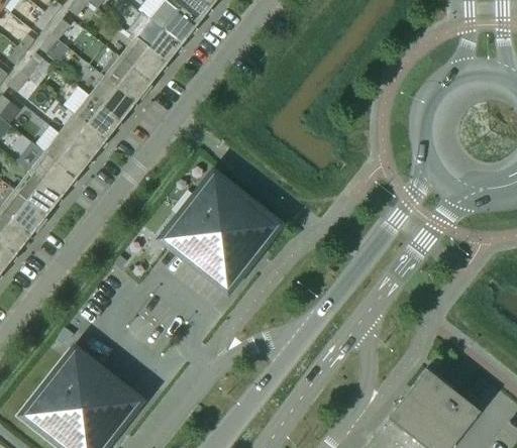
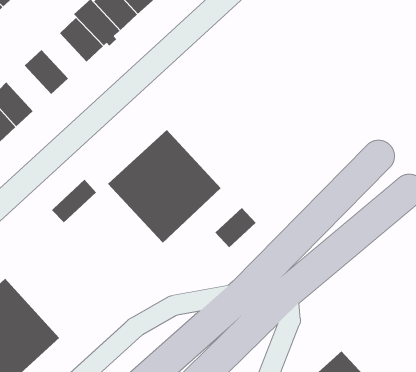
building: [75,94,122,138] -> none
building: [44,132,92,177] -> none
building: none -> [47,179,97,223]
building: none -> [214,207,257,248]

